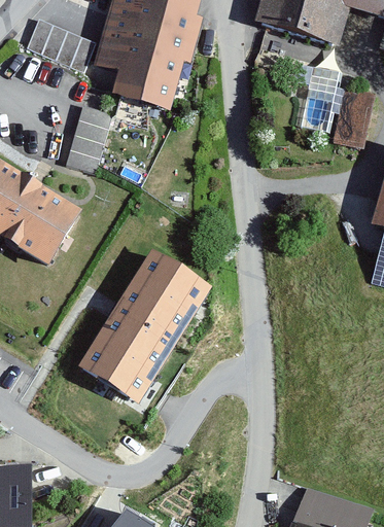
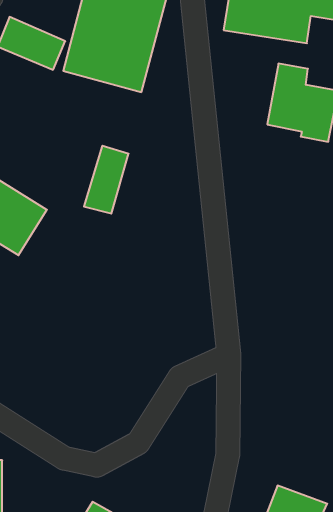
building: [65,104,110,173] -> [84,146,129,214]
building: [80,249,216,403] -> none

